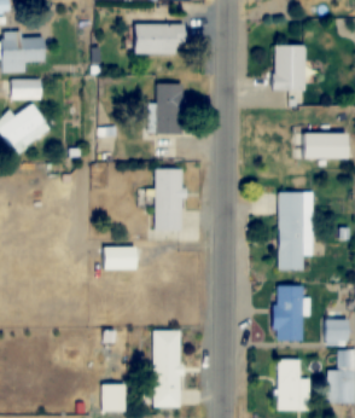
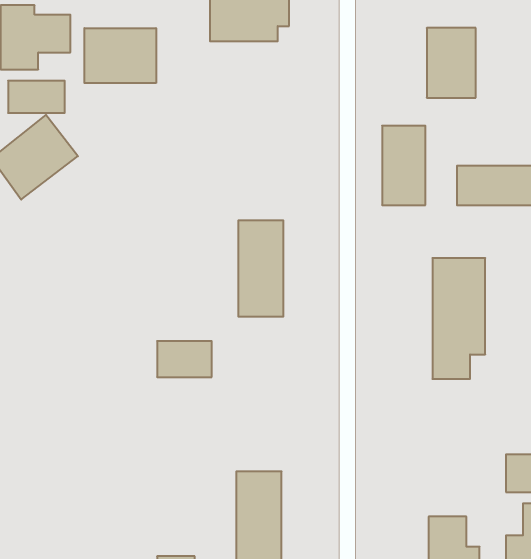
building: none -> [84,28,156,83]
building: [156,83,184,134] -> [382,126,425,205]
building: [275,285,302,341] -> none

